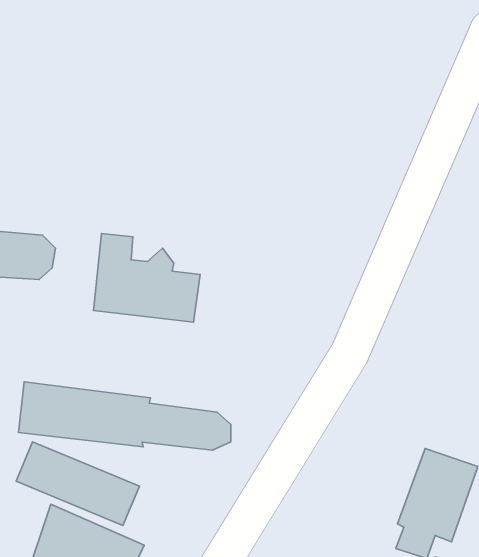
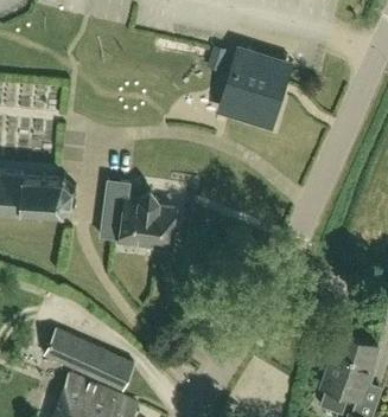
building: none -> [223,45,287,129]
building: [19,382,231,450] -> none

